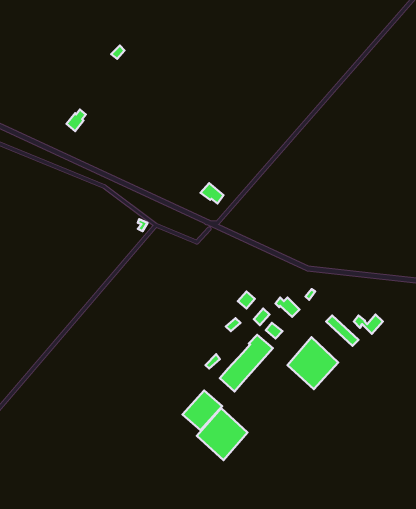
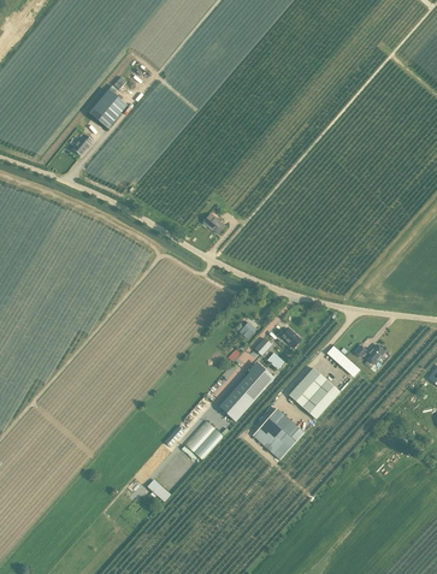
building: none -> [87,88,125,128]
building: [197,408,248,460] -> [252,407,302,458]

